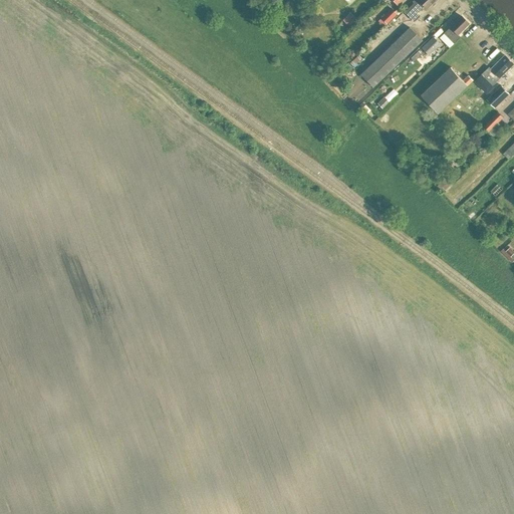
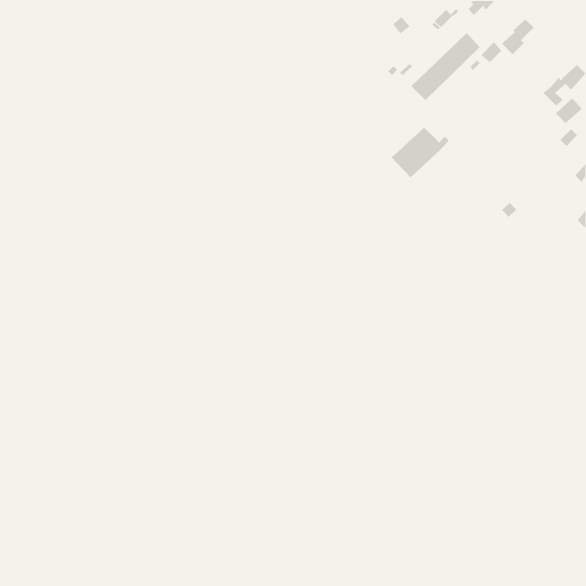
building: [422,68,473,113] -> [391,127,449,178]

